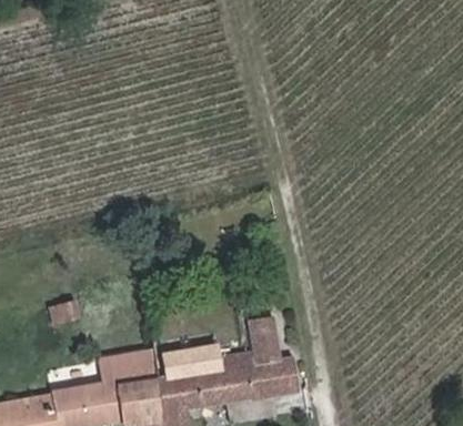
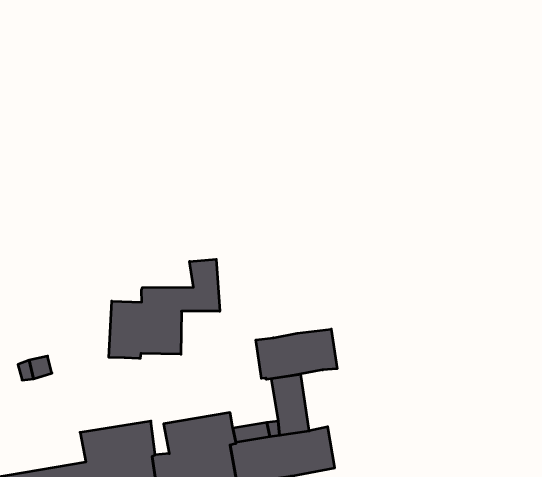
building: none -> [109,259,220,358]
building: none -> [256,329,337,379]

